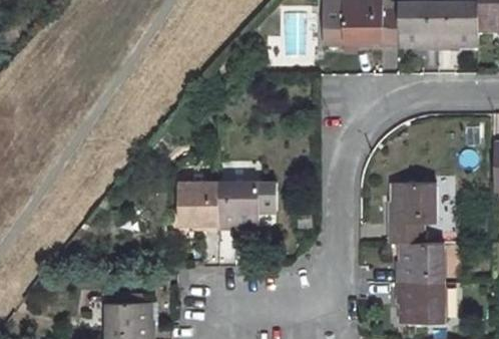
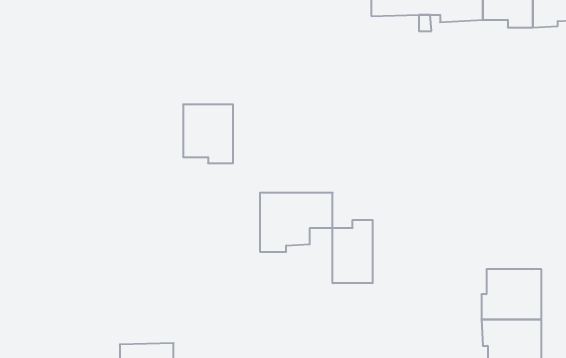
building: [179,183,219,230] -> [183,104,233,163]
building: [391,185,438,244] -> none
building: none -> [333,220,373,283]

